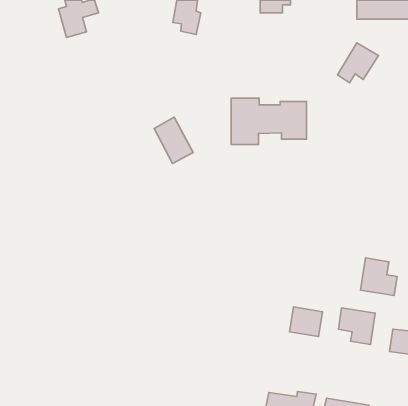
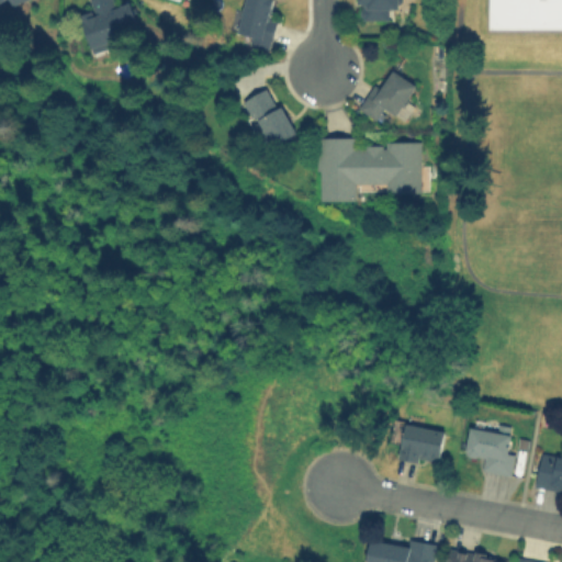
building: [338,43,378,83] -> [361,68,417,123]
building: [154,117,193,164] -> [243,88,296,151]
building: [360,258,397,296] -> none

